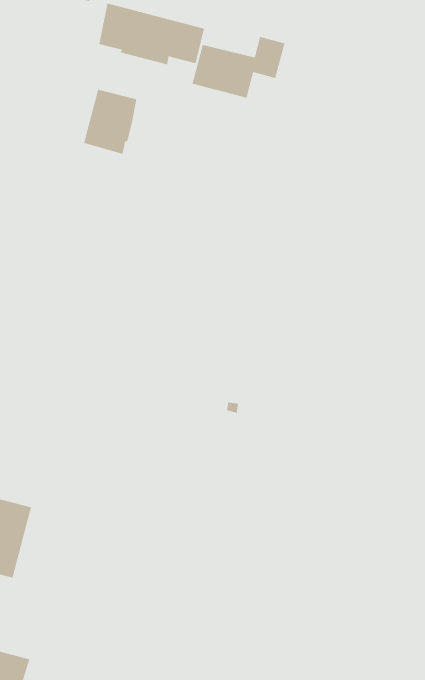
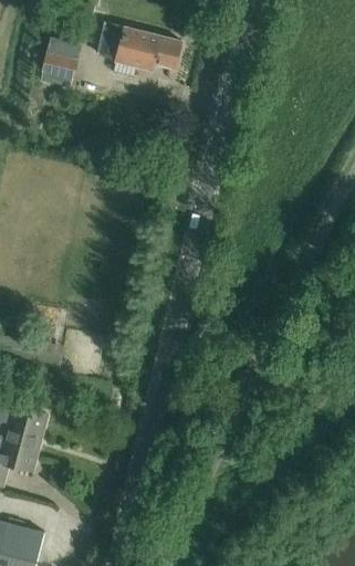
building: [192,36,285,98] -> none
building: [83,89,137,155] -> [40,36,82,87]

